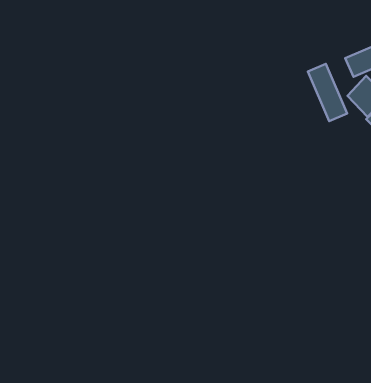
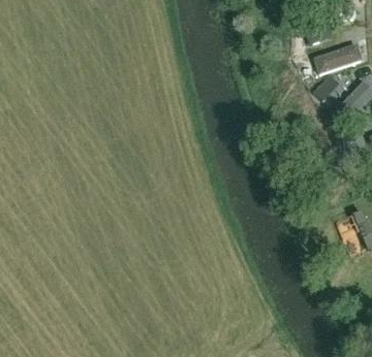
building: [308,64,347,121] -> none

